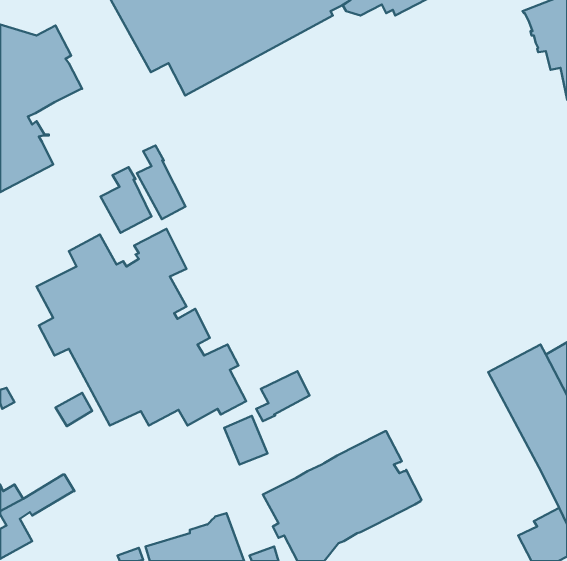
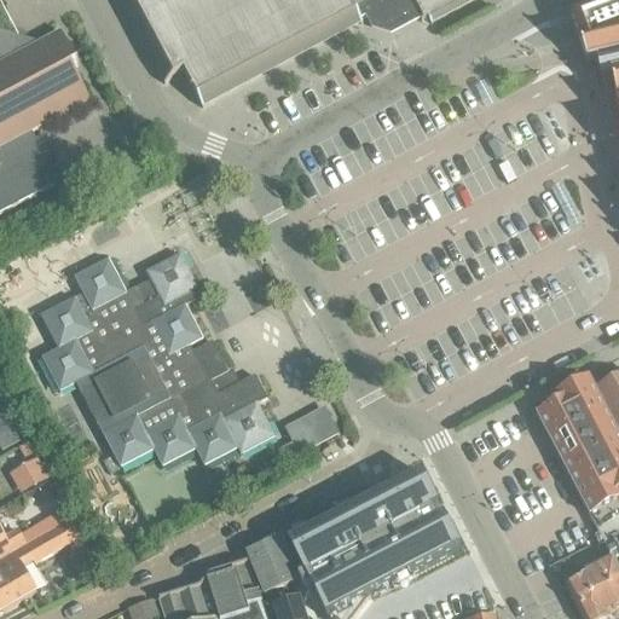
building: [137,145,186,219] -> none
building: [101,167,152,233] -> none
building: [56,393,92,426] -> [8,455,48,491]
building: [224,416,267,465] -> [248,537,295,590]

